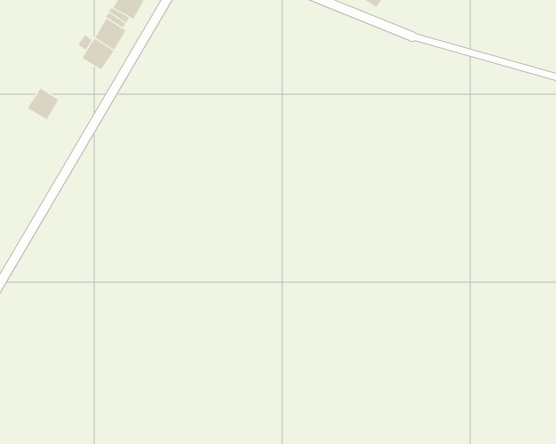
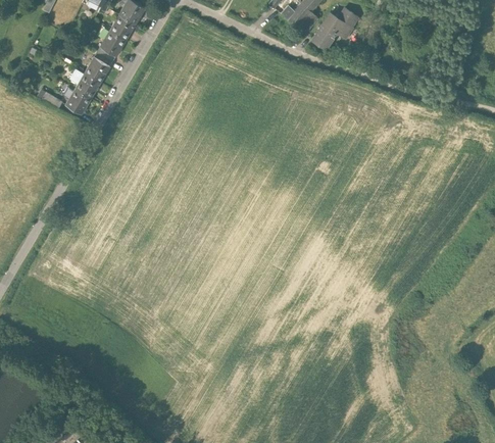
building: [27,88,59,120] -> [62,91,90,118]

